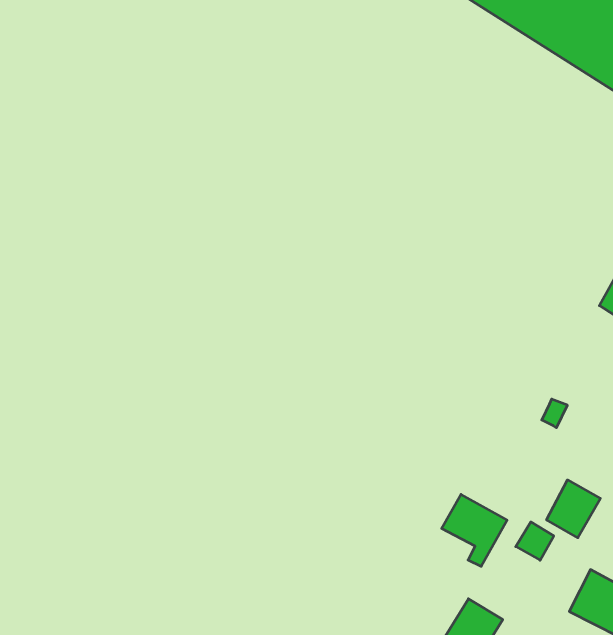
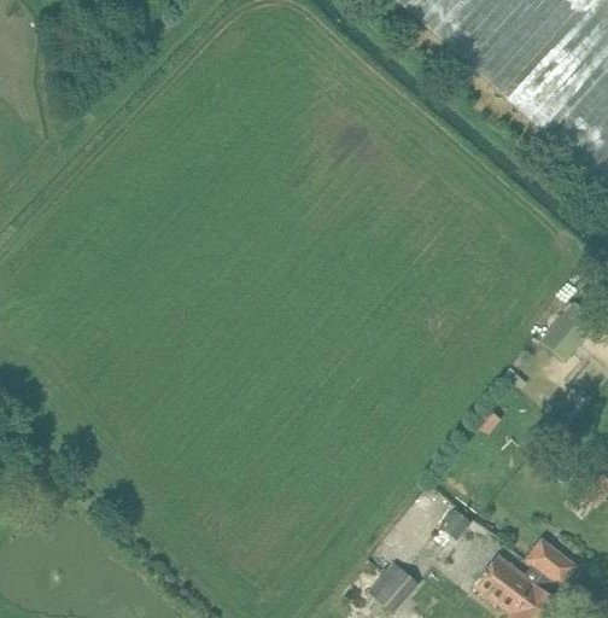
building: [547,480,600,538] -> none
building: [442,494,507,566] -> none

